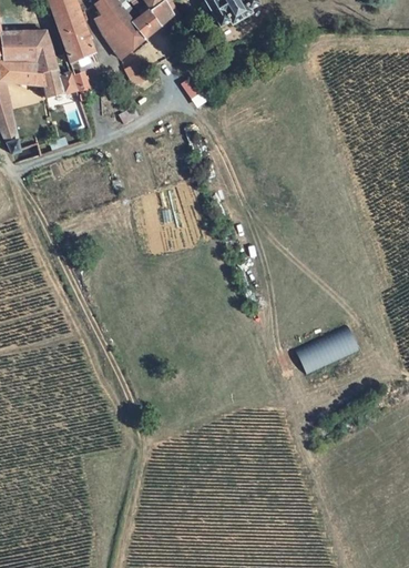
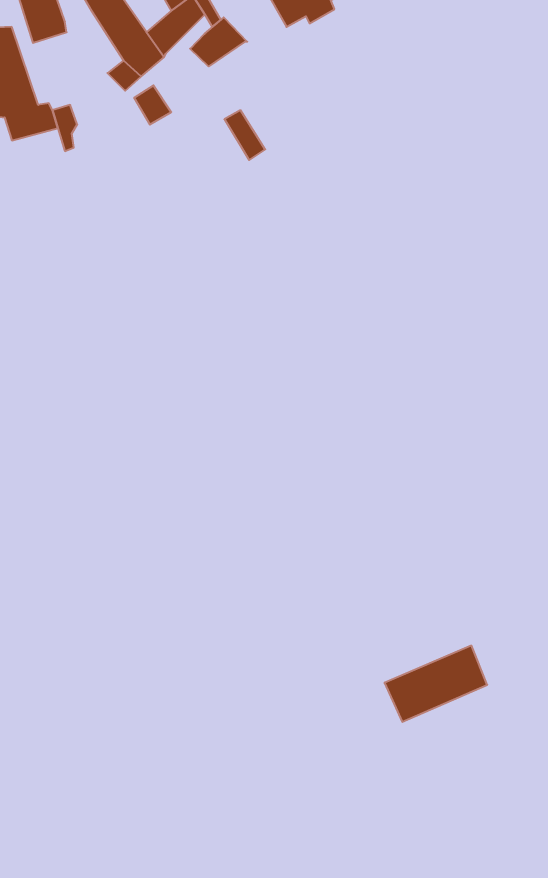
building: none -> [190,17,247,66]
building: [60,28,92,64] -> none
building: [294,325,358,373] -> [384,646,487,722]

